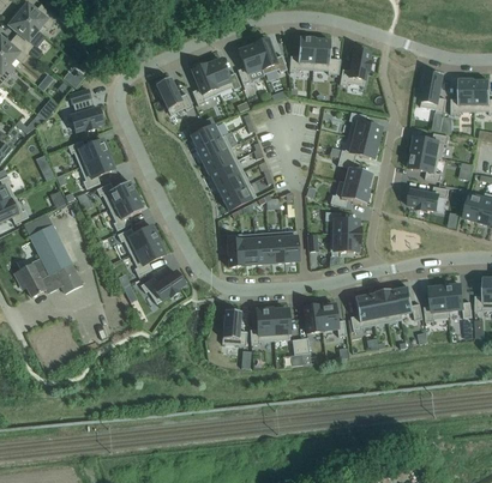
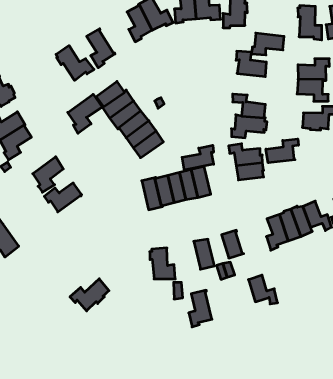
building: [205,58,240,91] -> none
building: none -> [68,94,102,133]
building: [338,134,377,159] -> [251,33,284,55]
building: [96,180,137,207] -> none
building: none -> [182,145,214,171]
building: none -> [266,139,298,163]
building: [130,239,164,274] -> none
building: [140,270,184,302] -> [70,279,109,311]
building: [318,302,346,334] -> [248,275,278,304]
building: [250,307,274,344] -> [189,290,212,327]

